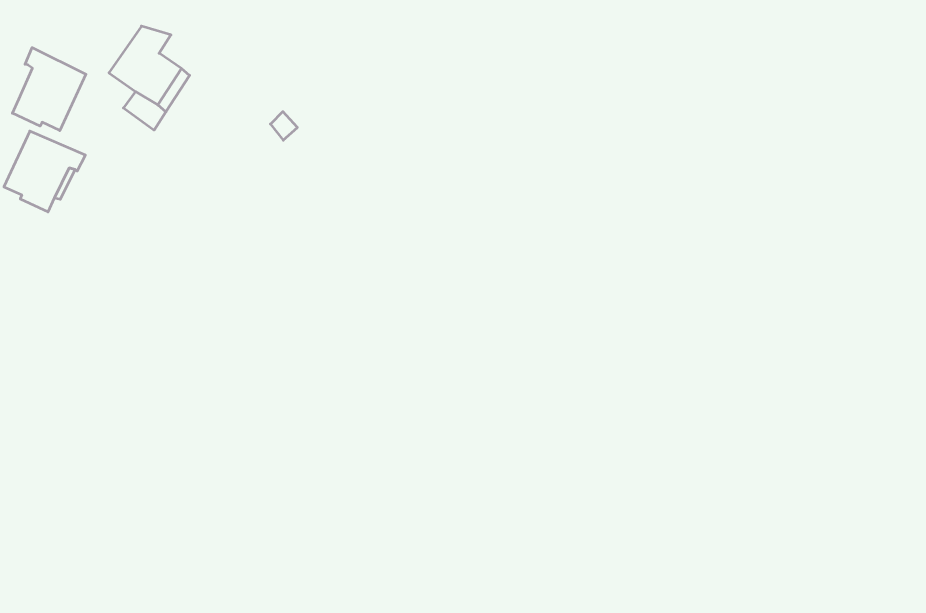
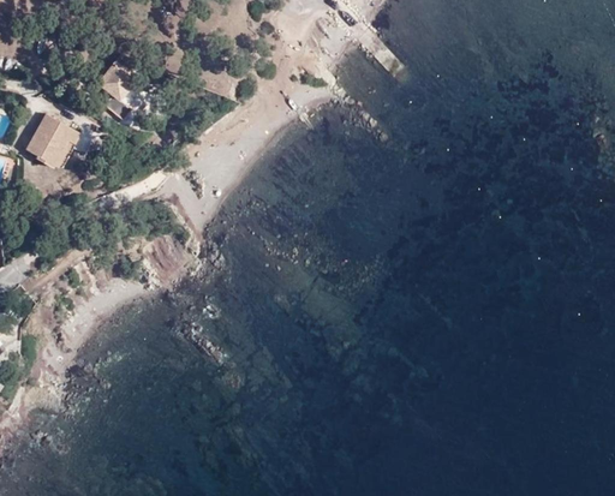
building: [12,48,86,131] -> none

